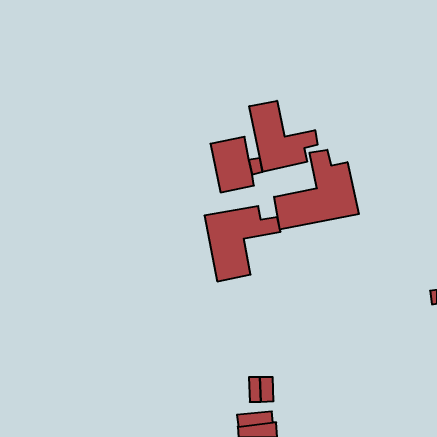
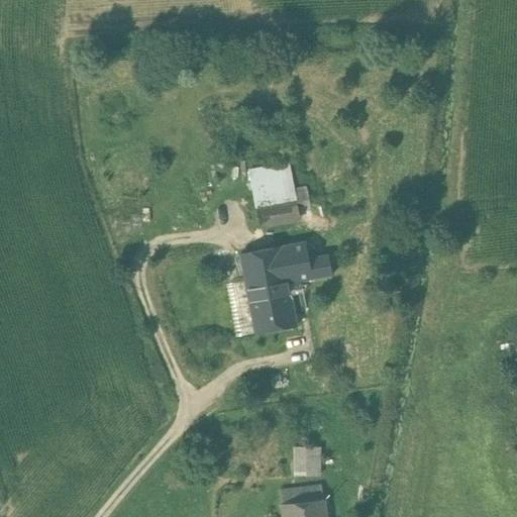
building: [249,101,318,172] -> none
building: [274,150,359,229] -> none

